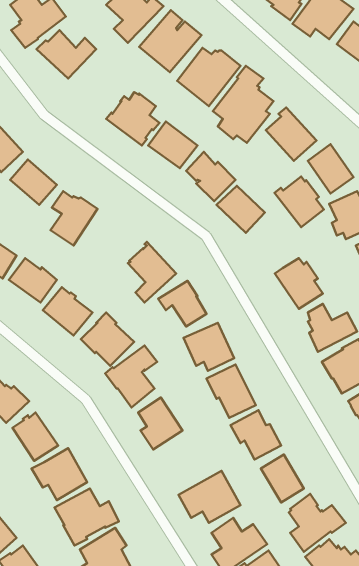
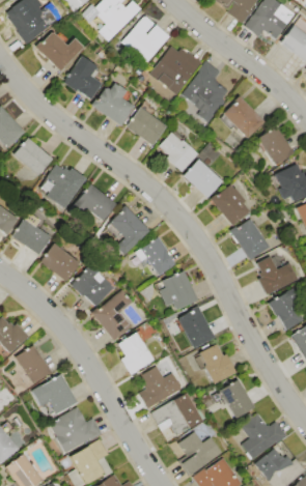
building: none -> [64,56,102,99]
building: [274,176,324,227] -> [210,184,250,226]
building: none -> [72,183,116,221]
building: none -> [139,366,184,408]

